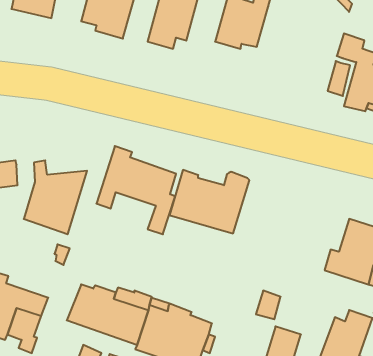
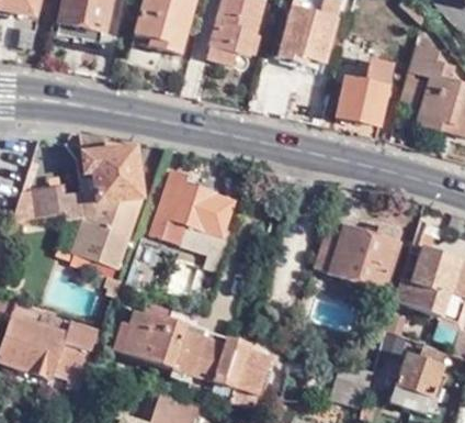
building: none -> [337,59,393,127]
building: none -> [76,131,140,200]
building: [170,170,249,233] -> [316,218,401,286]

